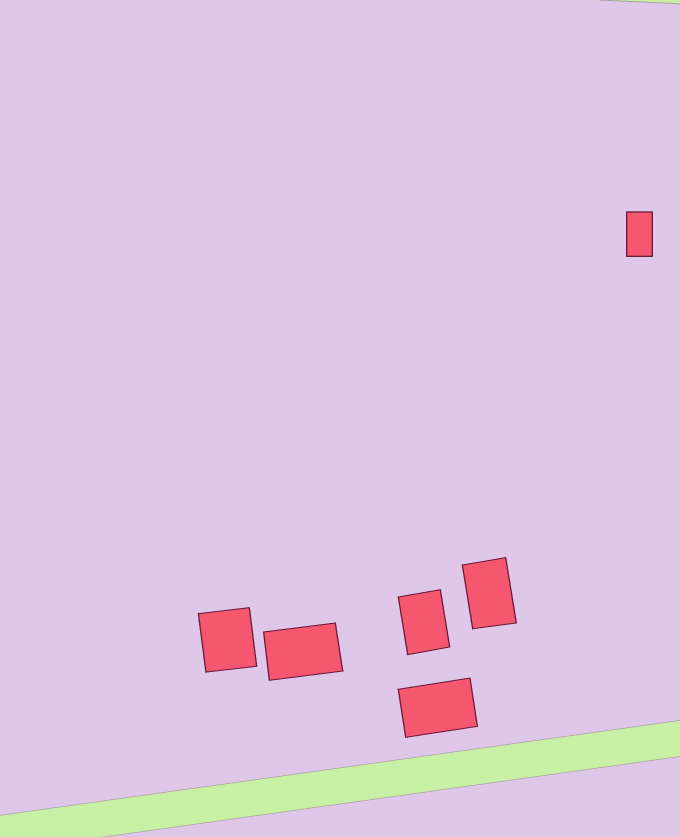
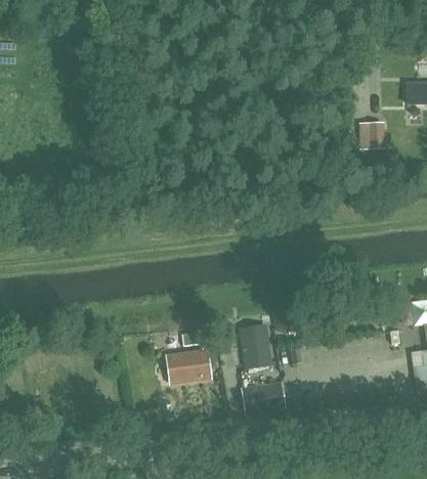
building: [463,557,516,629] -> none
building: [199,608,256,672] -> none

